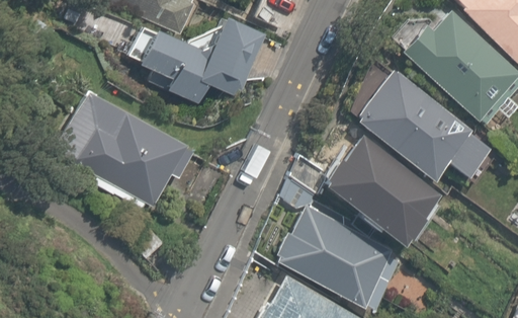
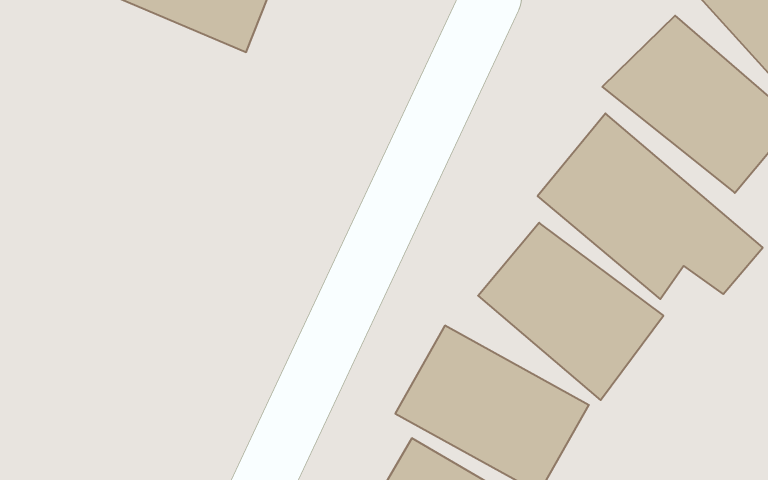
building: [139,19,266,105] -> none
building: [58,89,194,209] -> none

